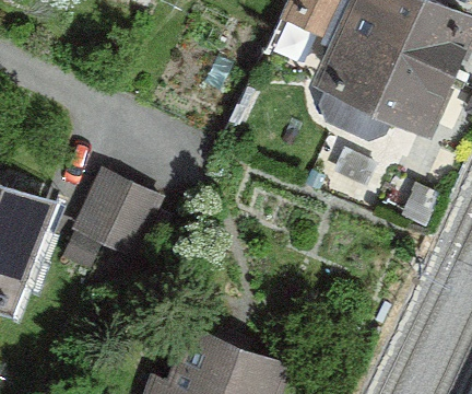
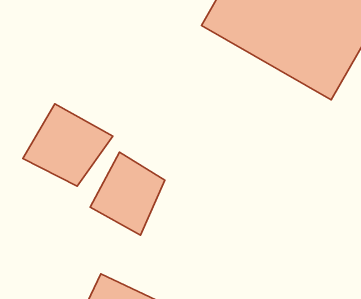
building: none -> [90,152,165,235]

